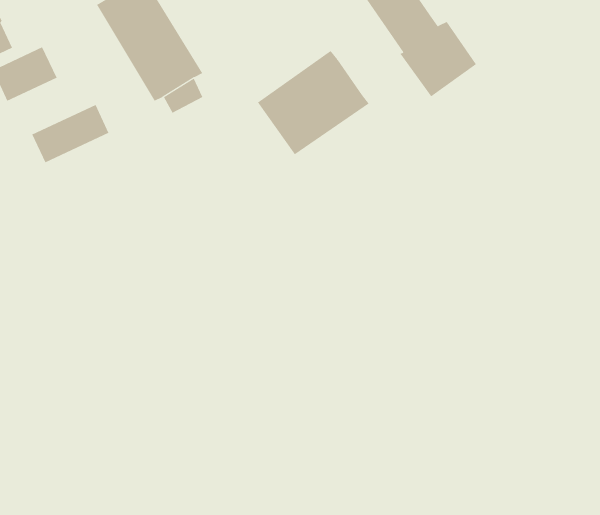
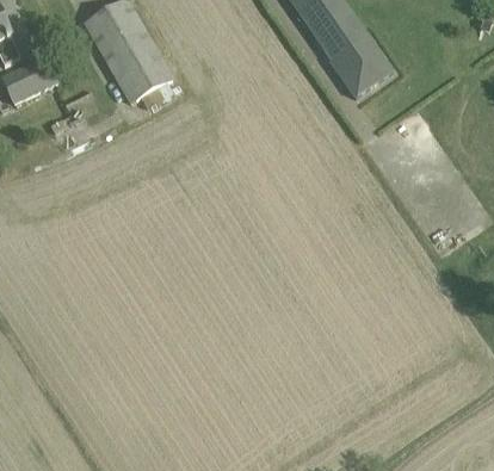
building: [257,50,370,155] -> none
building: [32,104,109,163] -> none

